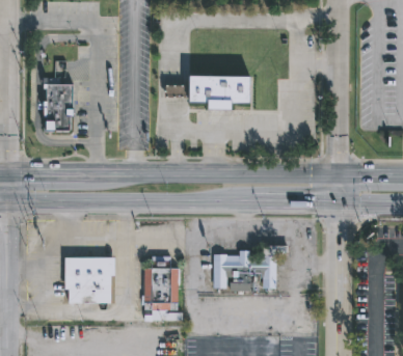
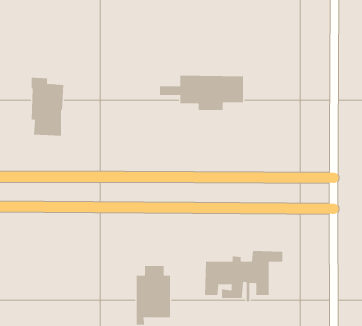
building: [63,257,113,303] -> none

